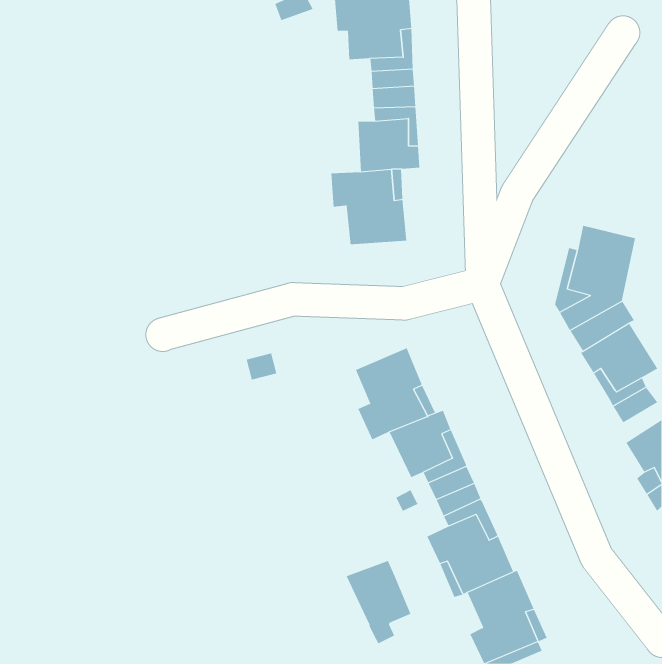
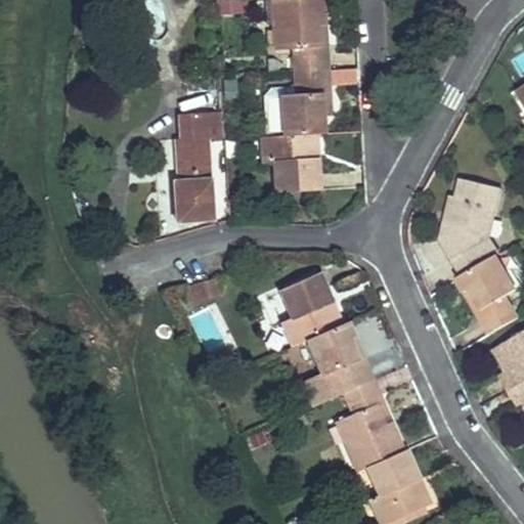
building: none -> [174,112,224,221]
building: [346,560,411,644] -> none

